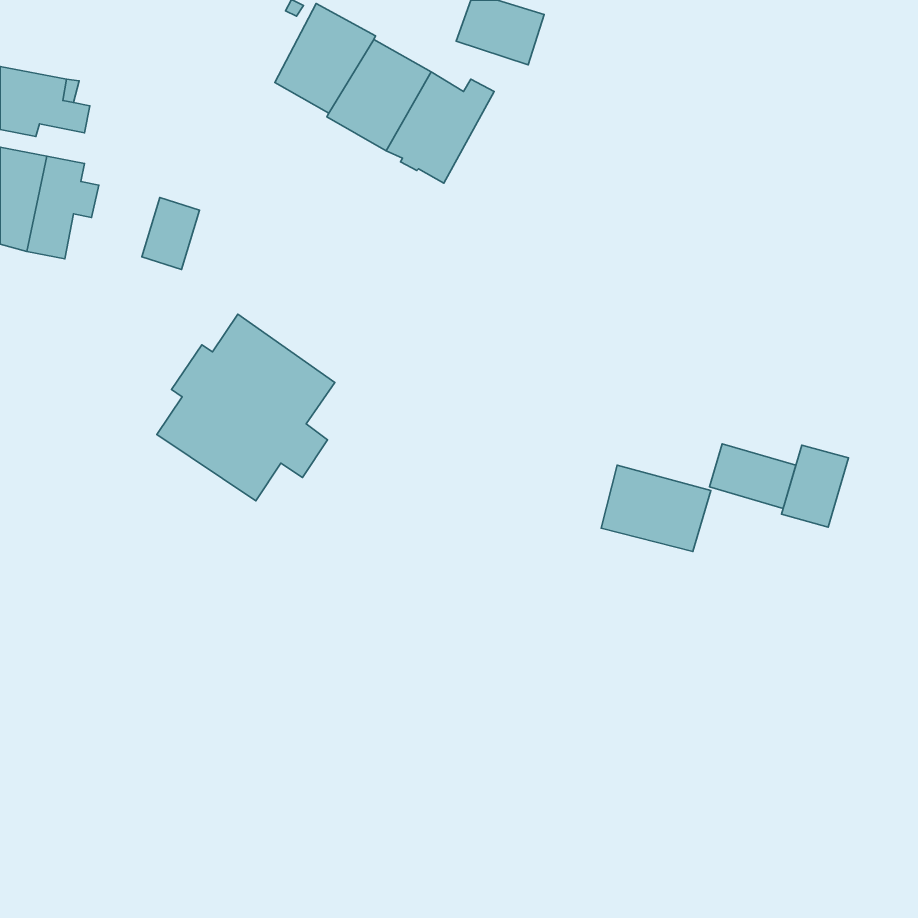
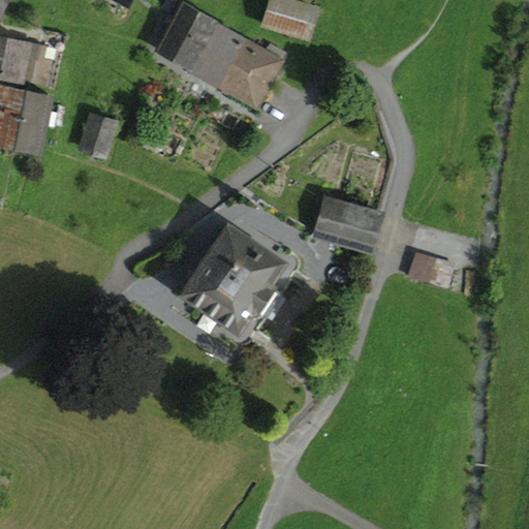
building: [157,314,335,501] -> [182,224,284,332]
building: [782,445,848,527] -> none
building: [601,465,711,551] -> [317,199,380,249]

